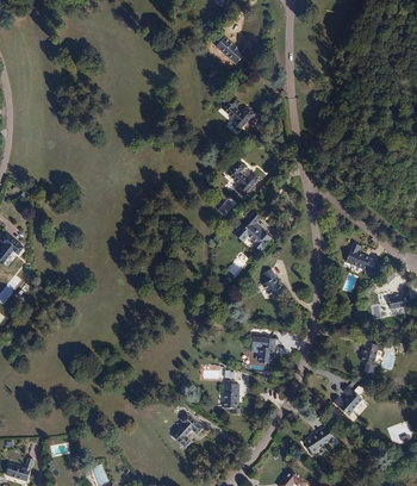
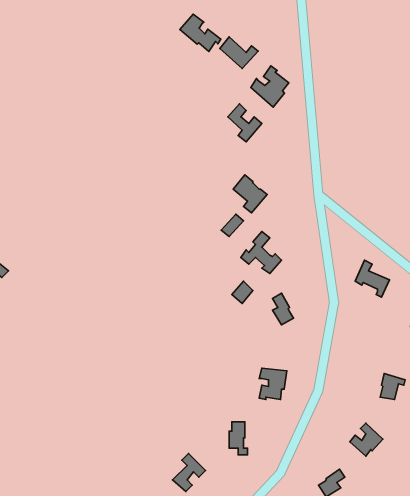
building: none -> [180,14,221,51]
building: none -> [251,66,289,107]

